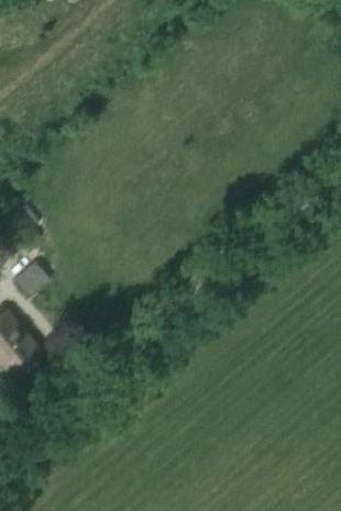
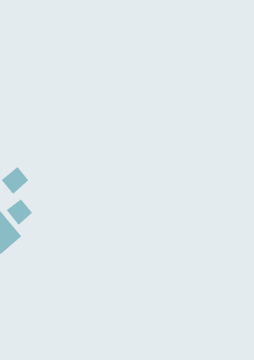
building: none -> [6,199,33,225]

